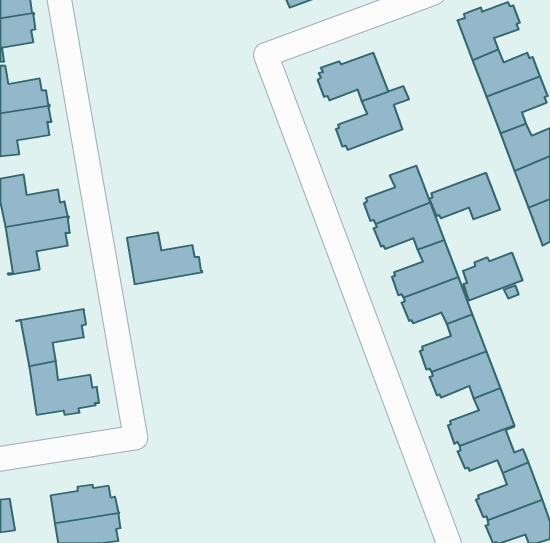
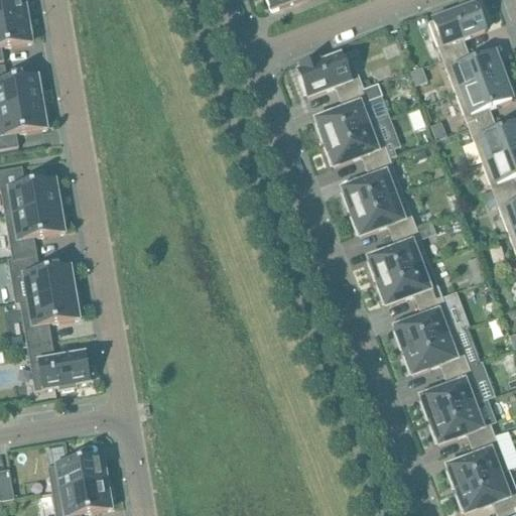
building: [429,173,500,219] -> [324,121,390,164]
building: [127,232,202,284] -> [8,252,79,300]
building: [463,253,522,301] -> none

